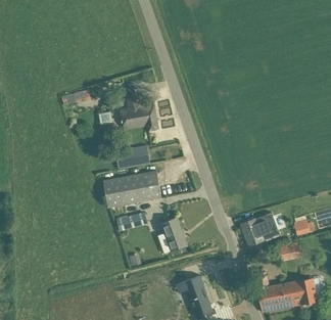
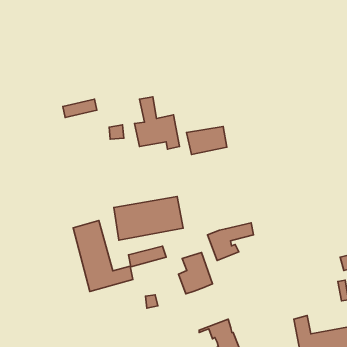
building: [115,145,149,169] -> [187,126,227,154]
building: none -> [73,221,133,292]
building: [240,214,279,245] -> [207,223,254,260]

